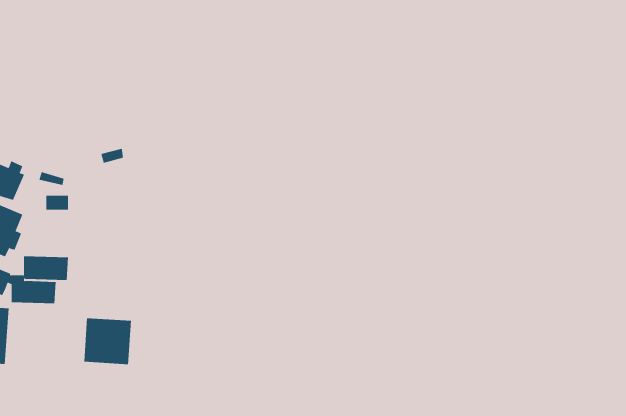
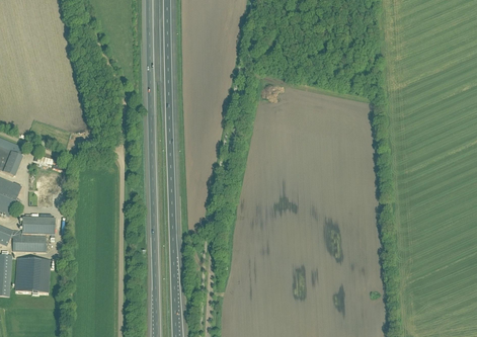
building: [83,318,132,365] -> [14,256,50,290]

